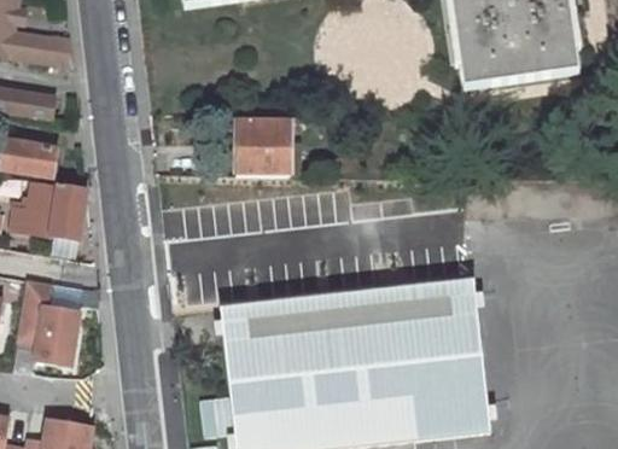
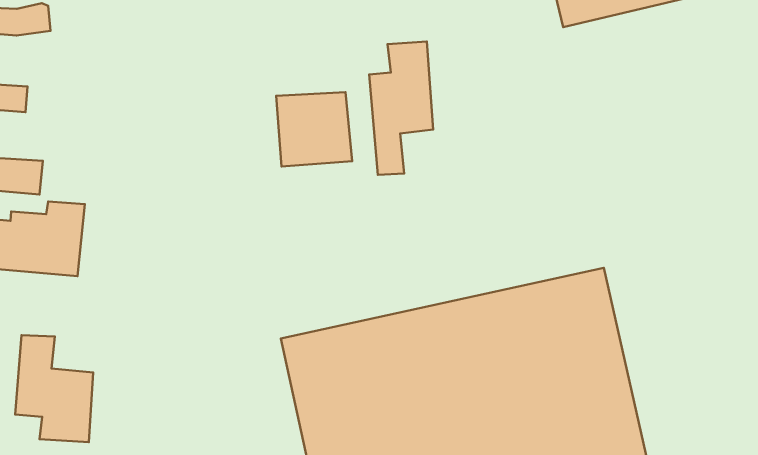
building: none -> [369,41,433,175]

